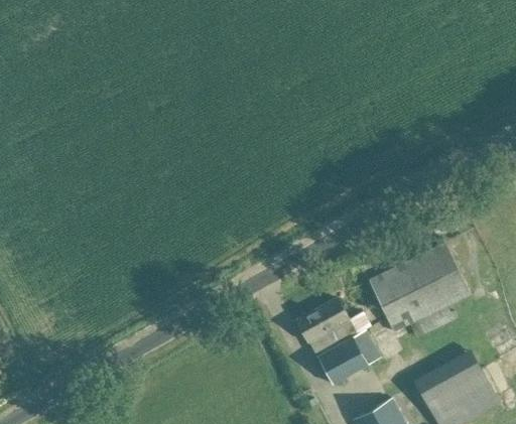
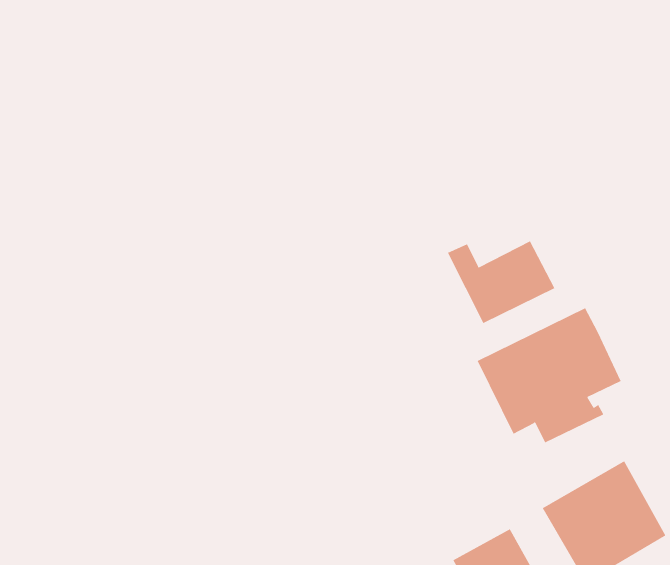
building: none -> [447,241,555,324]
building: [296,296,380,383] -> none

